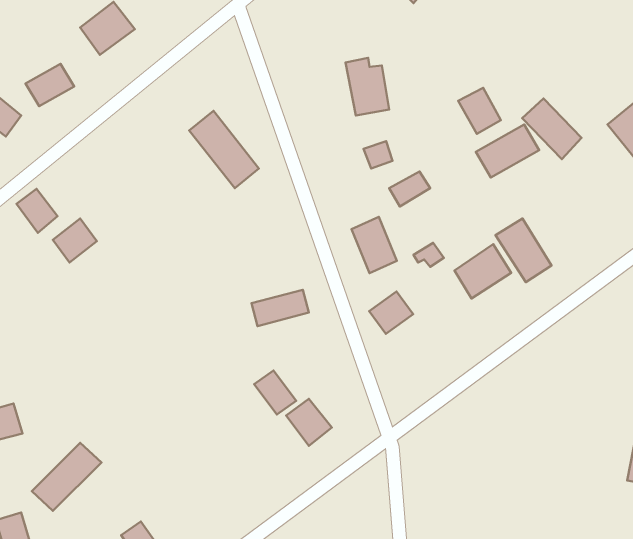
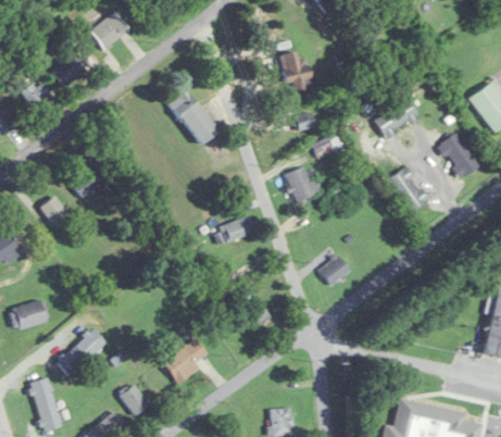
building: [458,88,501,134] -> none
building: [522,98,581,159] -> [437,134,479,177]
building: [17,189,58,233] -> [40,196,70,227]
building: [454,244,511,299] -> none
building: [369,292,413,334] -> [318,254,350,285]
building: [254,370,296,414] -> none
building: none -> [156,337,208,383]

